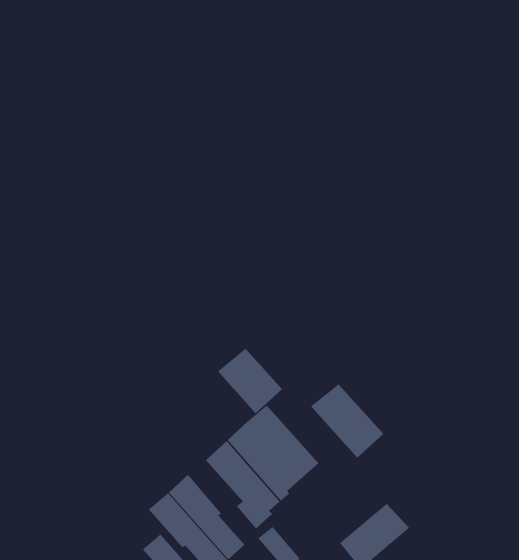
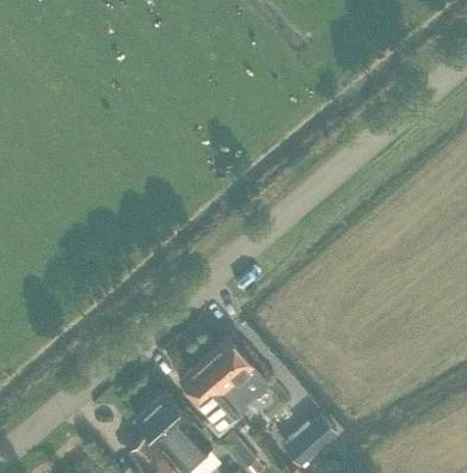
building: [217,348,283,414] -> none
building: [310,383,384,459] -> none

